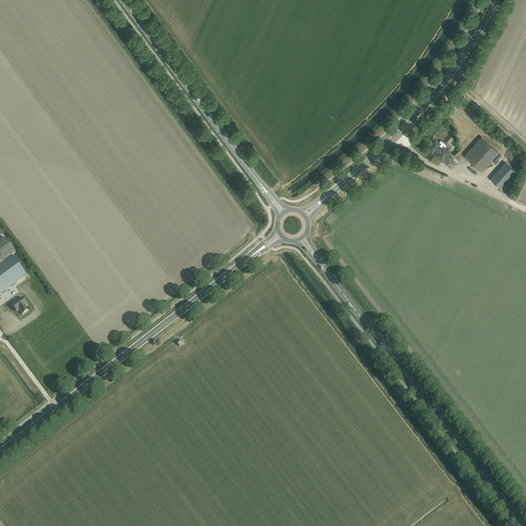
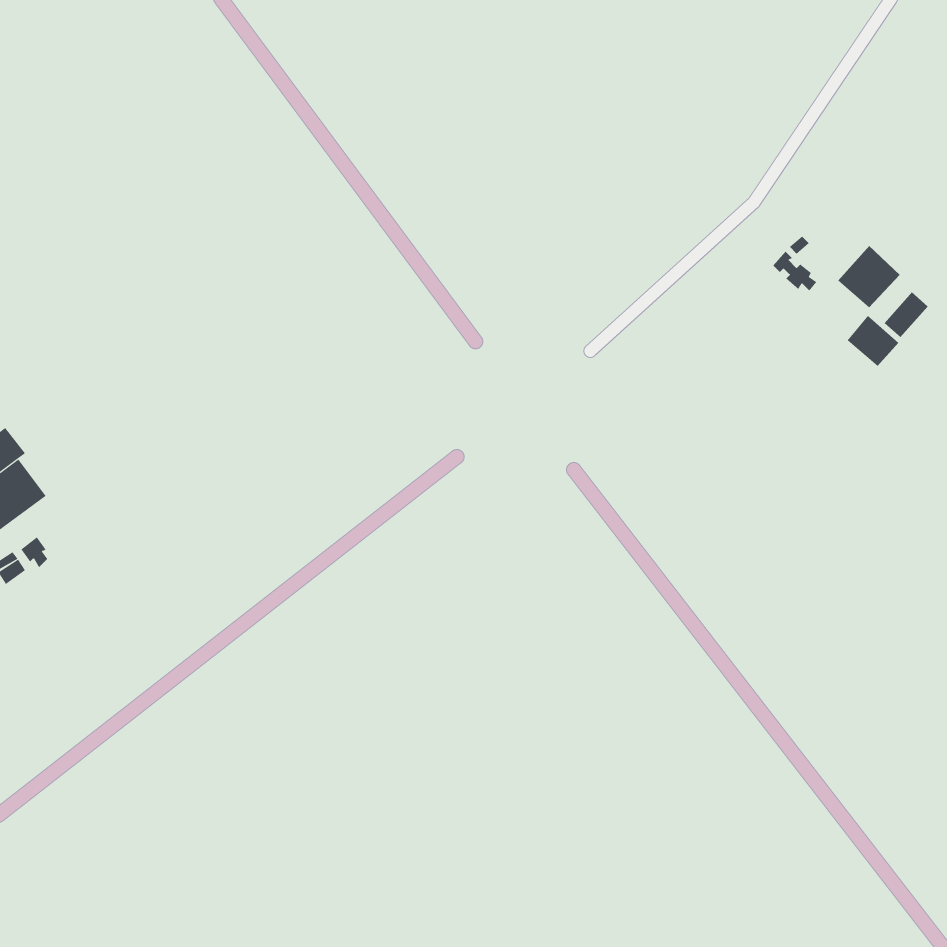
building: none -> [847,315,899,367]

